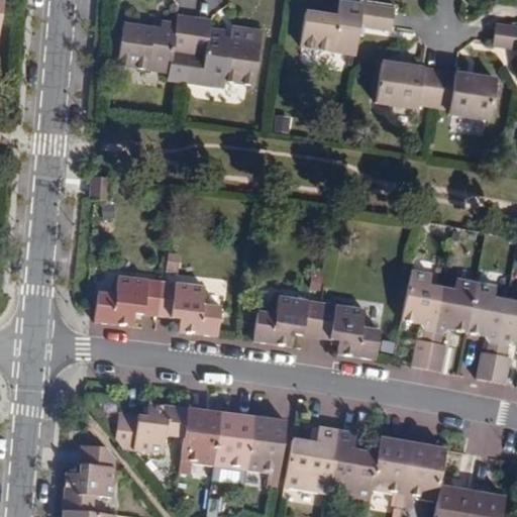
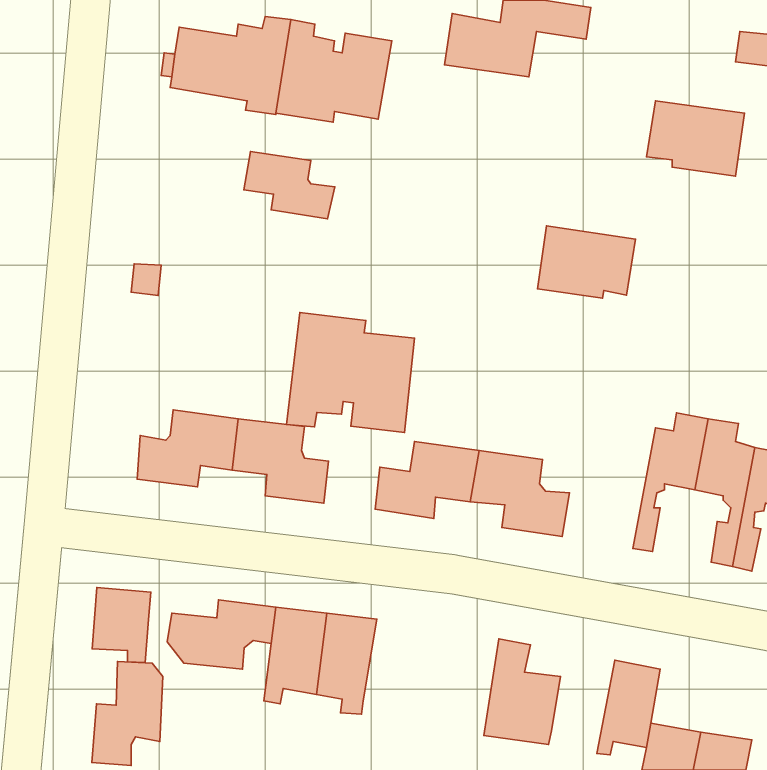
building: [376,59,441,107] -> [538,226,636,298]
building: none -> [244,151,335,219]
building: none -> [287,312,415,433]
building: [403,269,441,368] -> none
building: none -> [92,587,151,663]
building: [245,415,289,485] -> none
building: [285,426,336,493] -> none
building: [372,436,414,505] -> none

